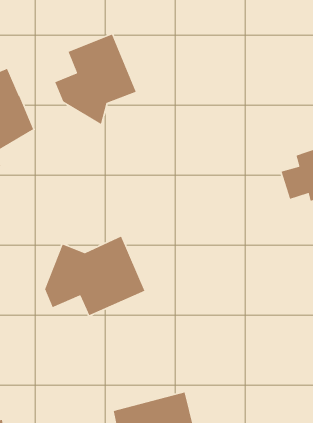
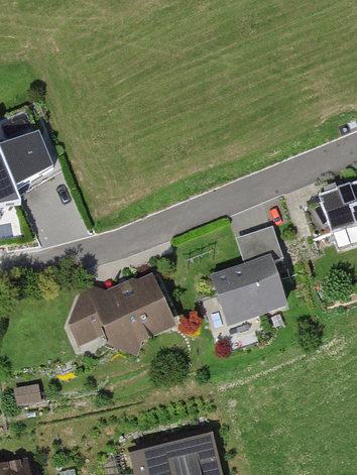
building: [54,33,137,125] -> none
building: none -> [215,225,285,322]

